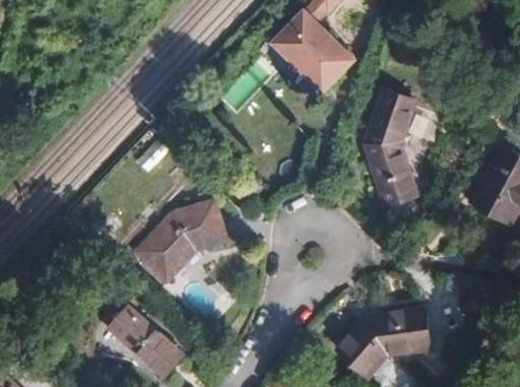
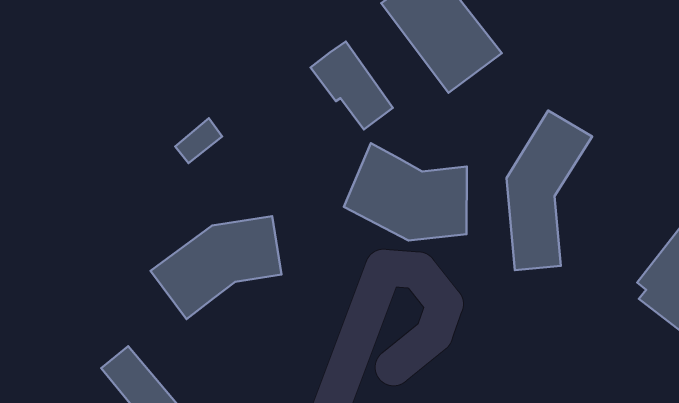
building: none -> [310,42,393,130]
building: none -> [344,143,467,240]

